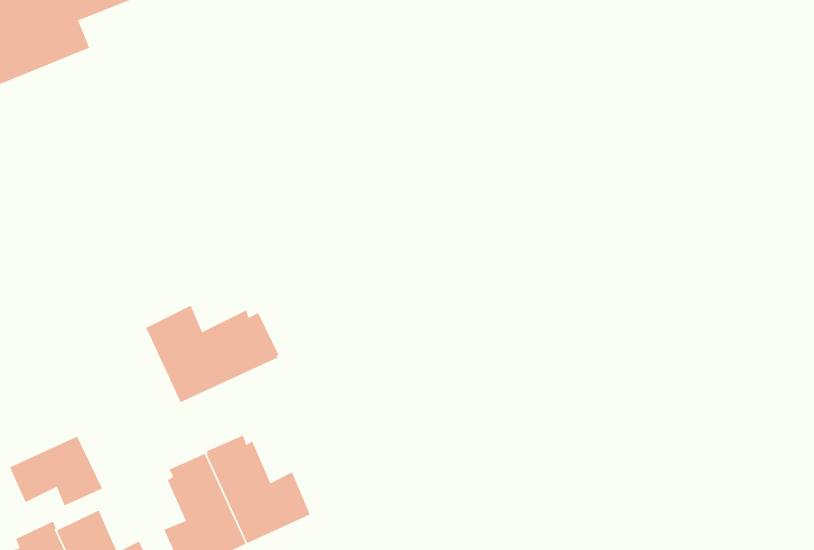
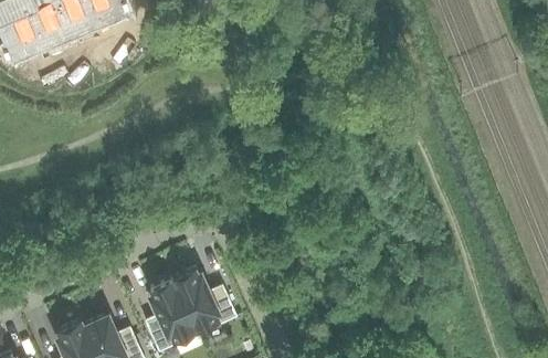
building: [145,304,280,403] -> none
building: [8,435,103,506] -> none

